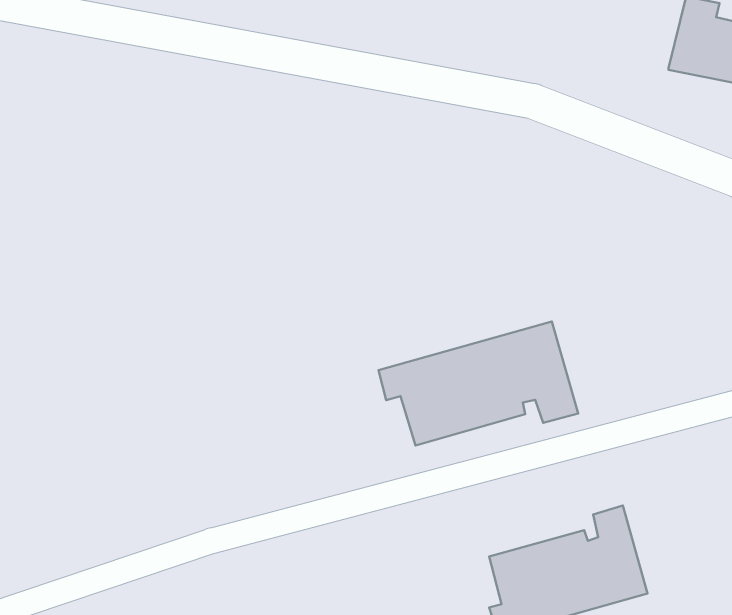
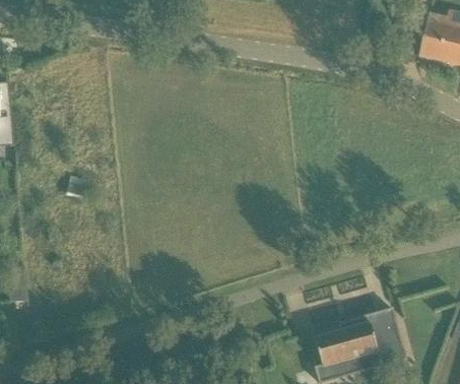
building: [379,321,578,445] -> none

